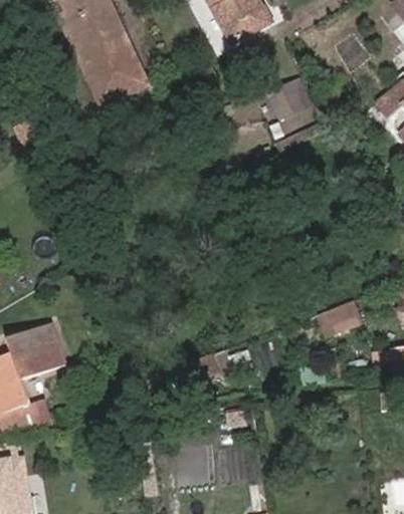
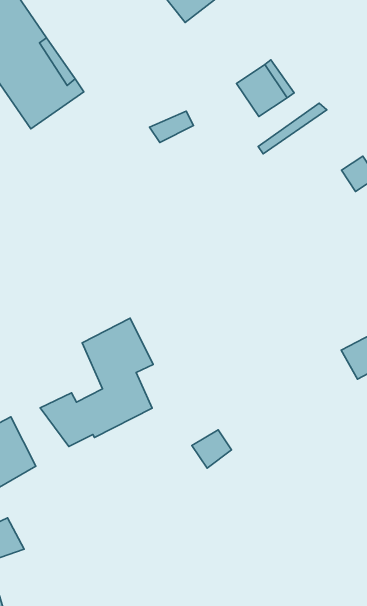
building: none -> [40,318,153,446]

